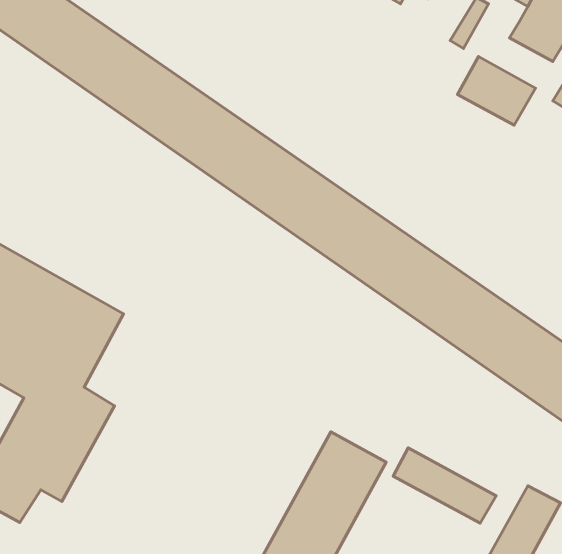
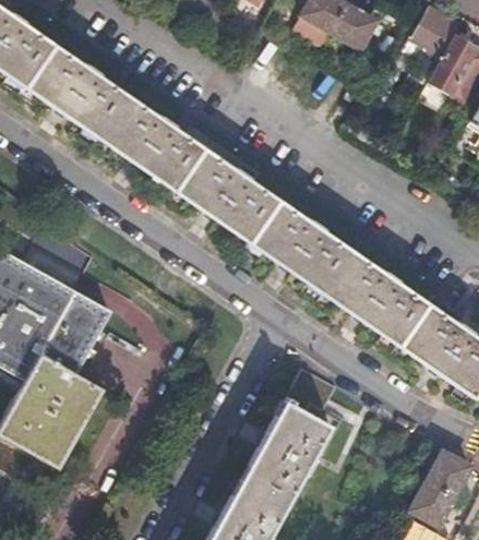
building: [458,56,536,125] -> none
building: [393,448,496,523] -> none

